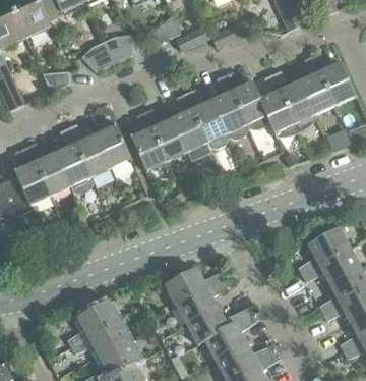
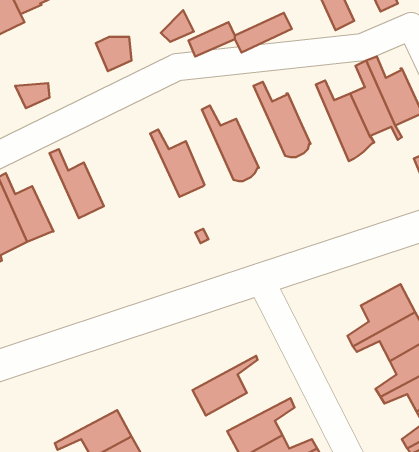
building: [82,42,115,72] -> none
building: [261,73,300,138] -> none
building: [214,74,251,139] -> none
building: [175,93,212,161] -> none
building: [97,109,132,167] -> none
building: [131,111,170,171] -> none
building: [57,126,95,194] -> none
building: [168,269,229,309] -> none
building: [69,302,122,349] -> none
building: [190,308,255,344] -> none

